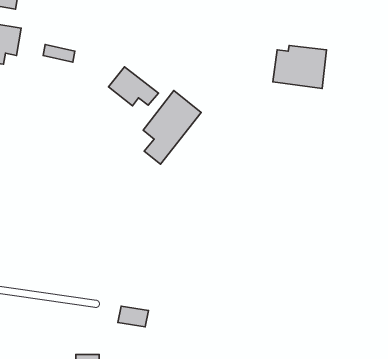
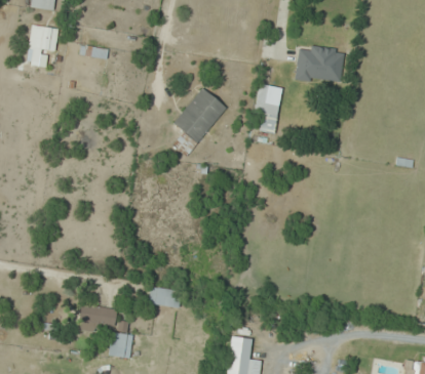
building: [108,67,159,106] -> none
building: none -> [257,84,277,132]
building: none -> [78,303,116,331]

